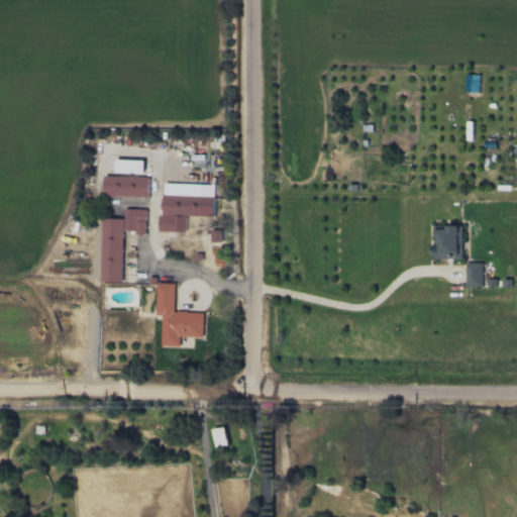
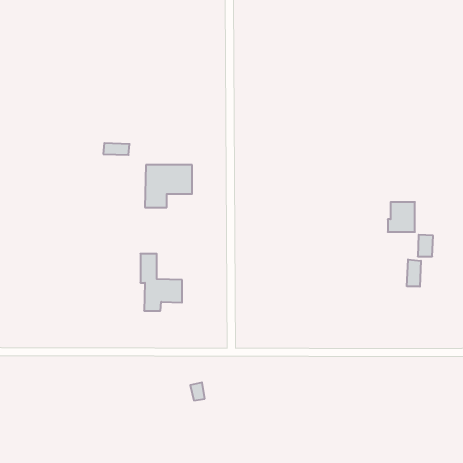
building: [104,176,149,197] -> none
building: [101,208,145,283] -> none
building: none -> [407,259,421,287]

